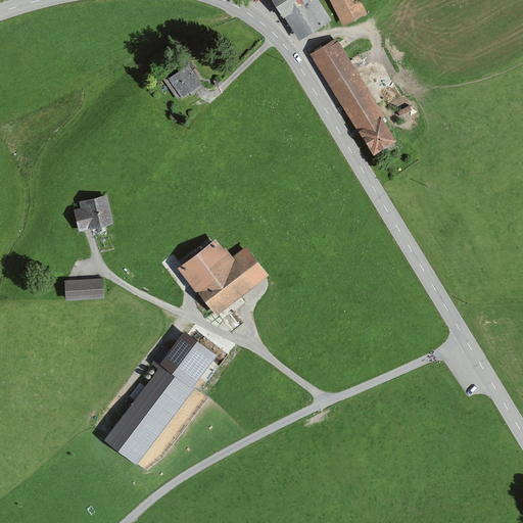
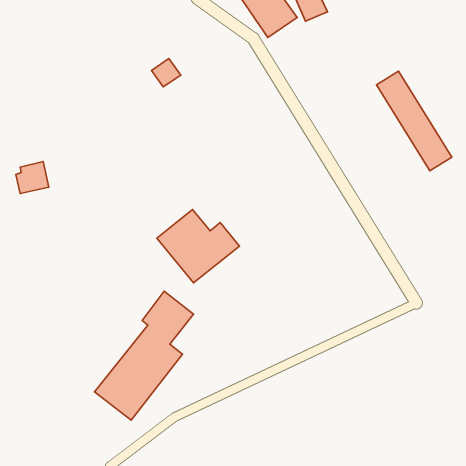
building: [312,40,395,151] -> [377,71,452,171]
building: [74,194,110,230] -> [16,162,49,194]
building: [63,278,104,299] -> none

